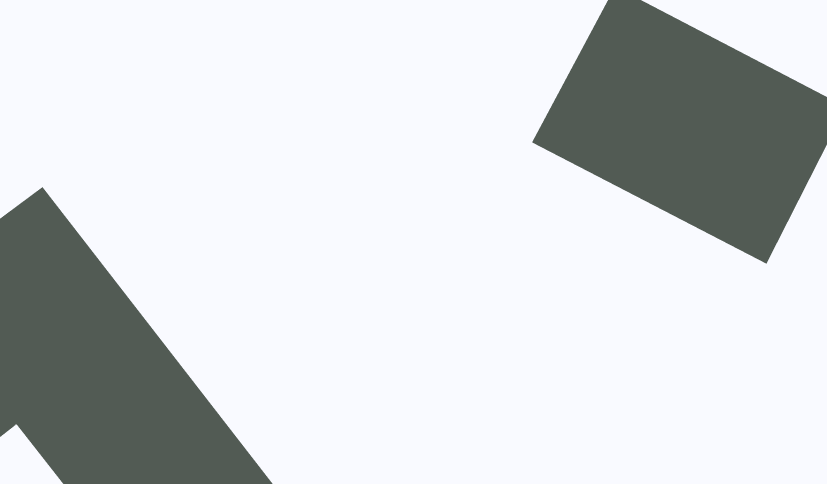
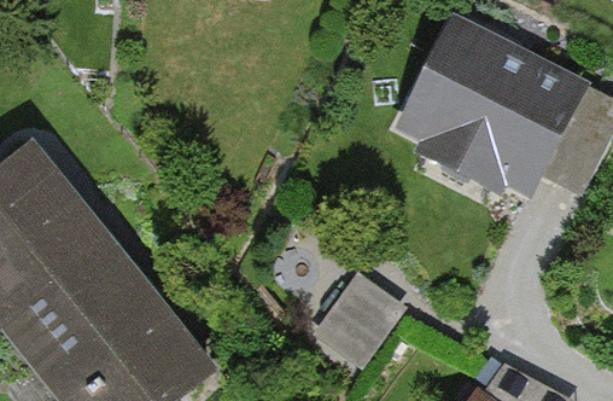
building: none -> [316,263,411,361]

